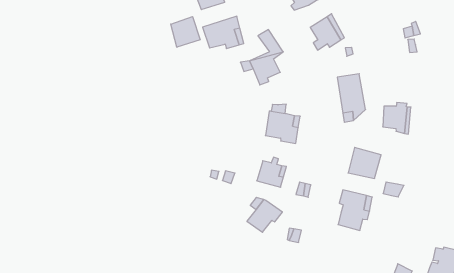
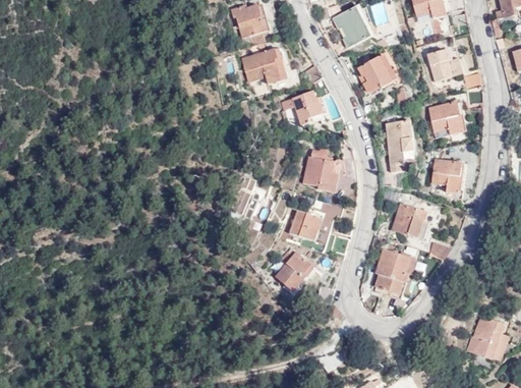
building: none -> [426,49,461,79]
building: [171,17,200,47] -> none
building: none -> [429,102,464,134]

